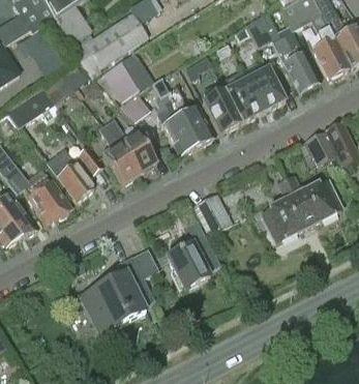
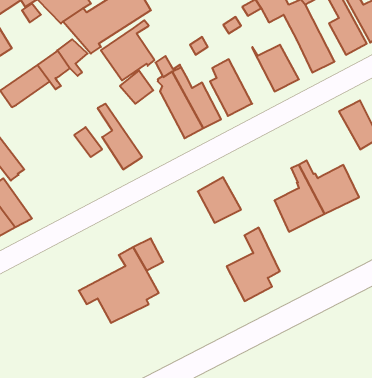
building: [220,71,263,123] -> none
building: [106,118,156,173] -> none
building: [304,129,336,165] -> none
building: [47,148,94,201] -> none
building: [24,174,70,224] -> none
building: [169,221,218,290] -> [227,228,280,301]

